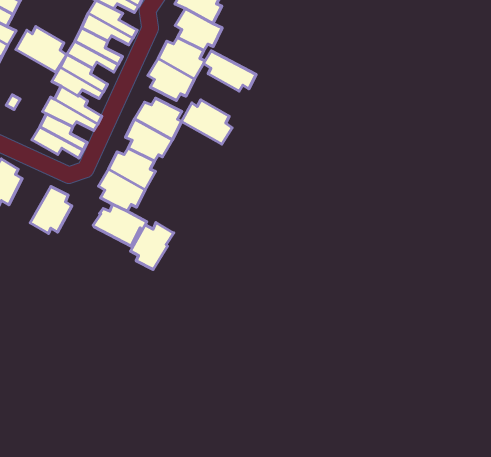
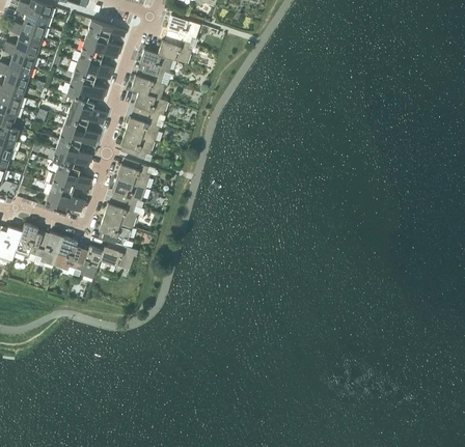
building: [16,27,66,72] -> none
building: [203,51,256,91] -> none
building: [182,100,232,144] -> none
building: none -> [36,230,64,264]
building: [131,222,174,269] -> [75,244,104,278]

